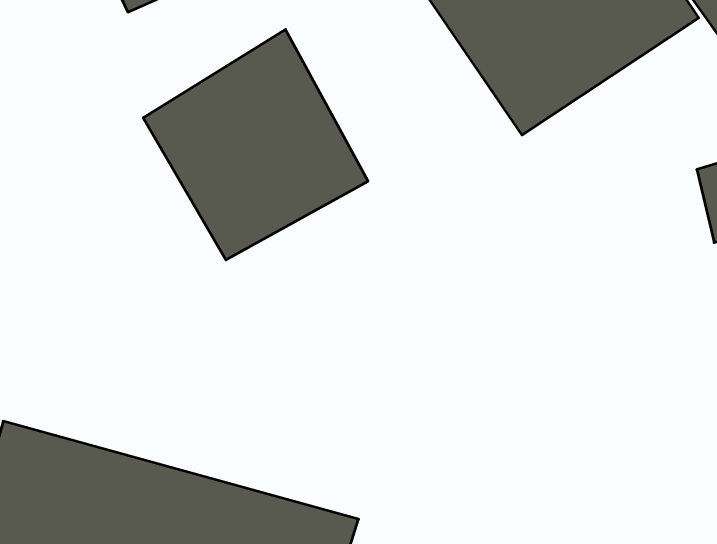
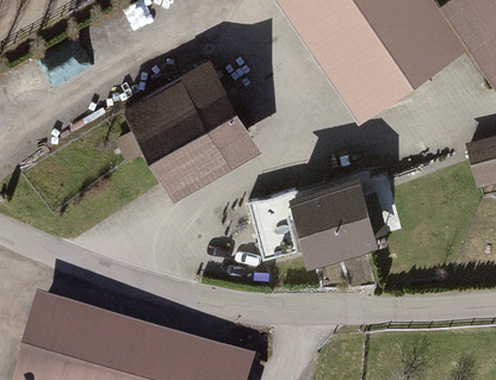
building: none -> [248,173,403,264]

